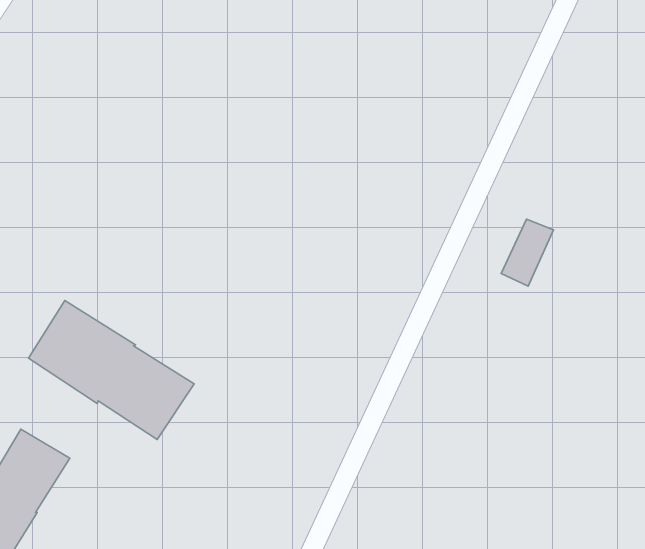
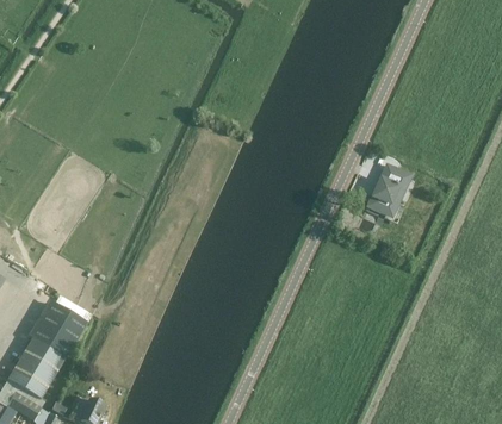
building: [29,301,194,440] -> none

